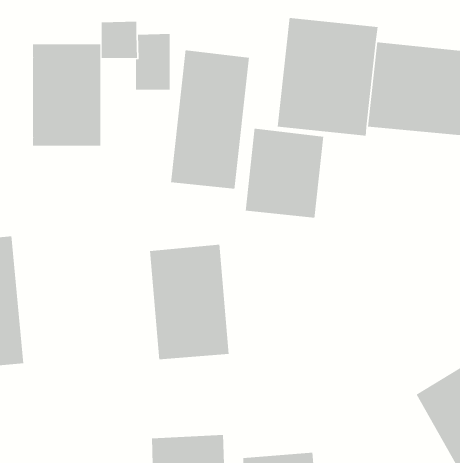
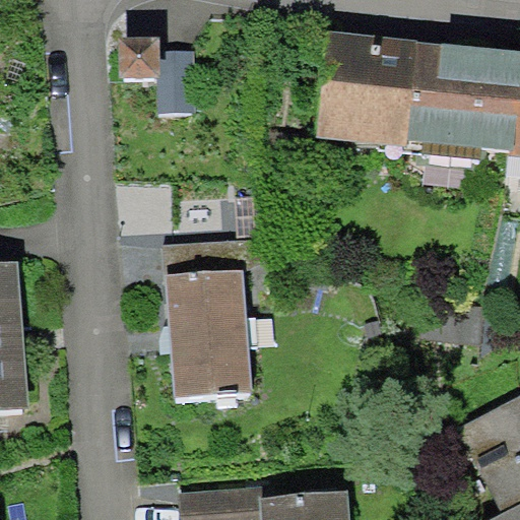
building: [32,43,101,147] -> none
building: [171,49,249,190] -> none
building: [245,128,324,219] -> none

